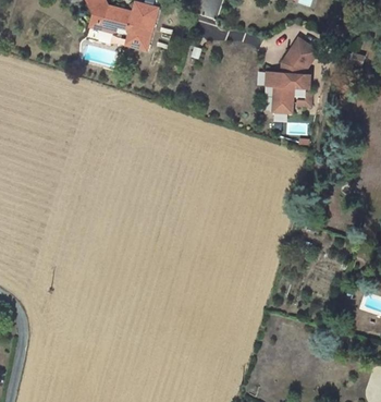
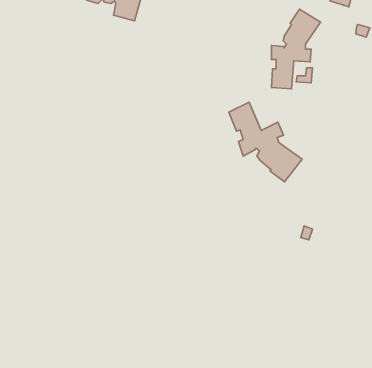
building: none -> [229,102,302,182]

